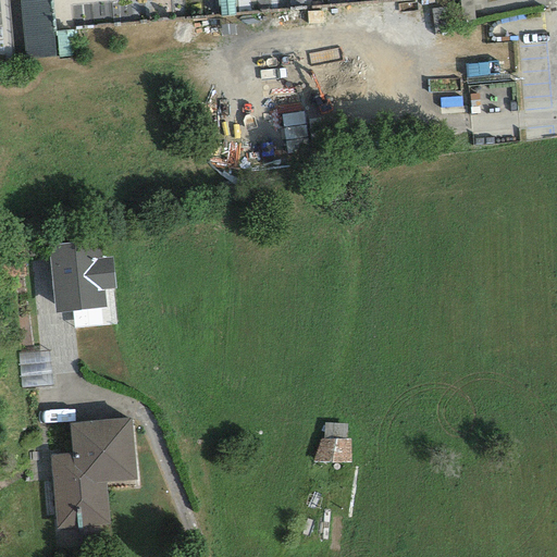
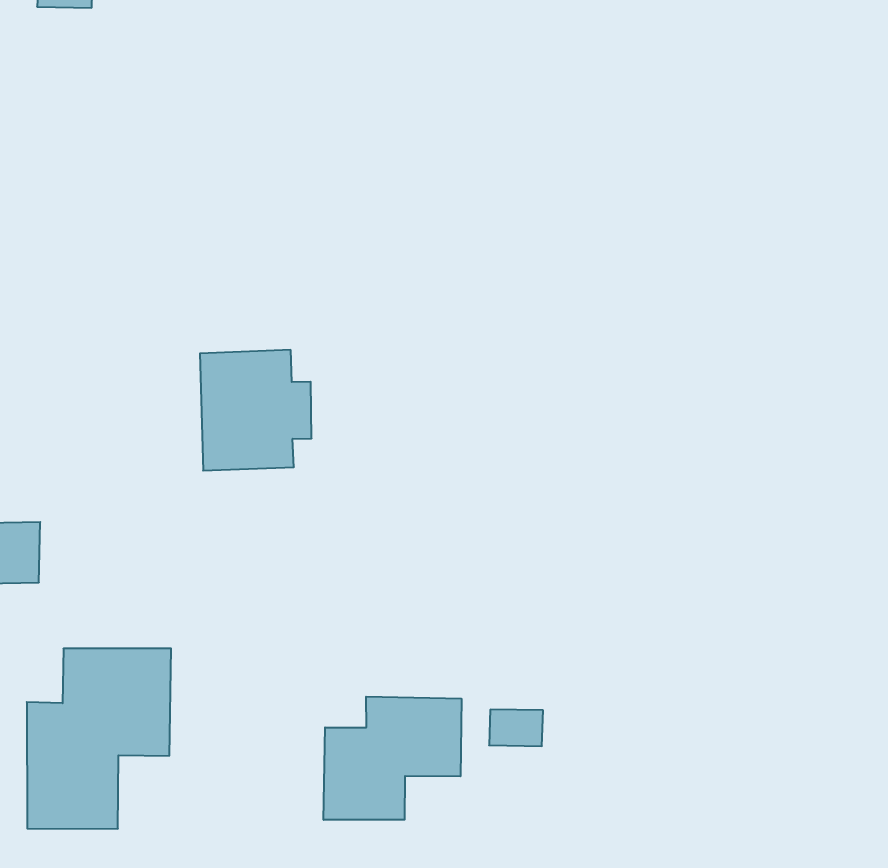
building: [48,239,116,313] -> [200,350,312,471]
building: none -> [324,697,461,820]

